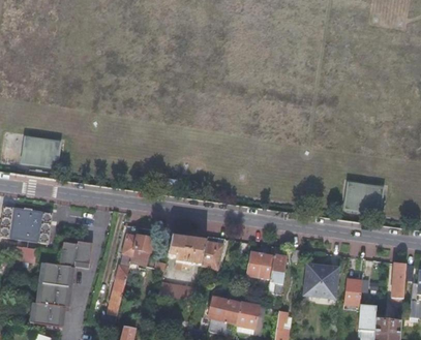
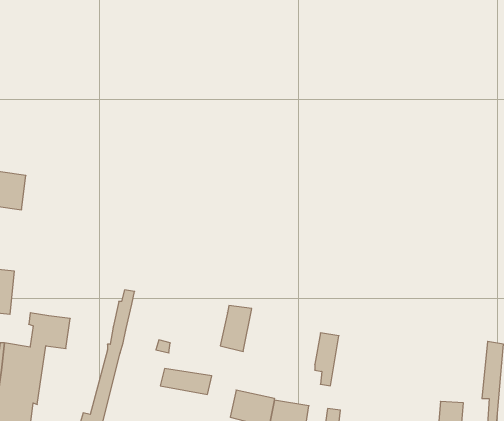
building: [344,181,383,212] -> none
building: [130,235,152,266] -> none
building: [167,235,206,265] -> none
building: [245,251,273,278] -> none
building: [303,266,338,296] -> none
building: [343,278,362,305] -> none

